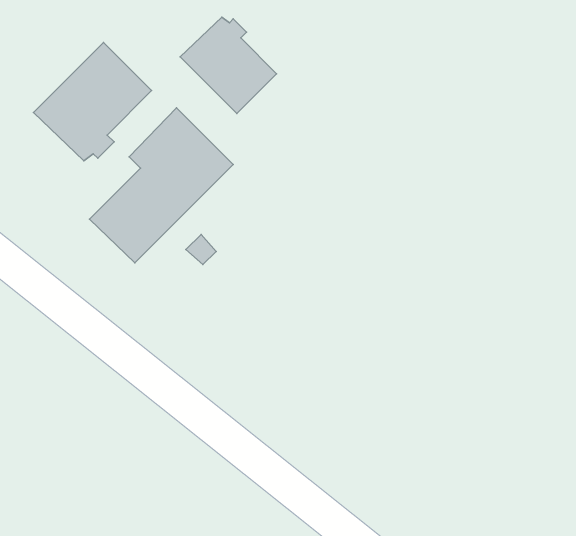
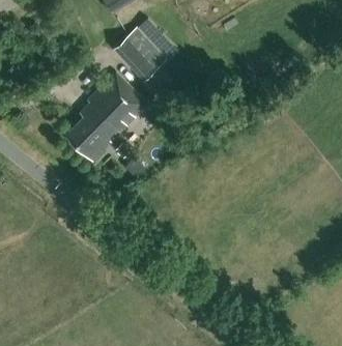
building: [33,43,152,161] -> none

